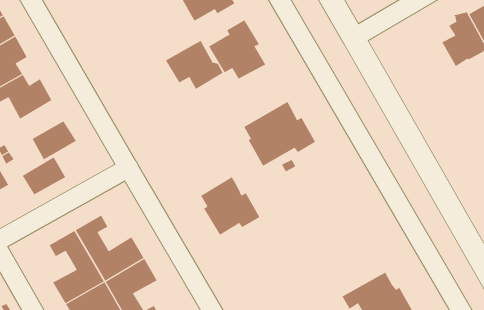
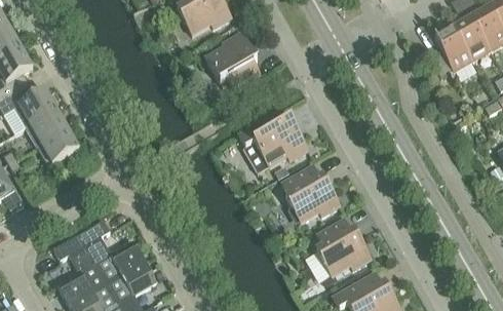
building: [165,40,224,90] -> none
building: [22,157,66,195] -> [26,109,68,146]
building: [200,176,260,236] -> [282,165,340,222]
building: none -> [317,220,371,275]

